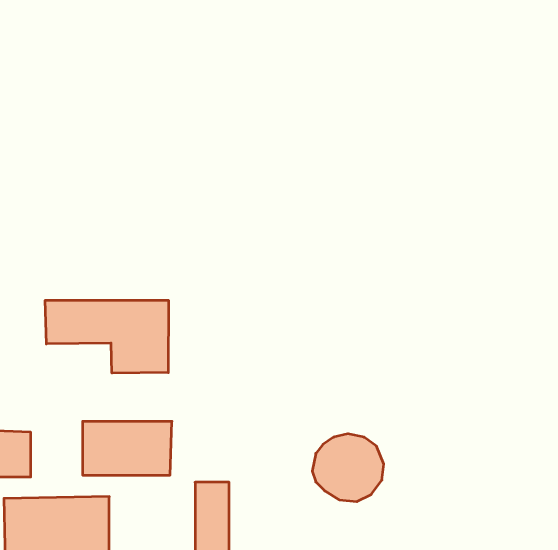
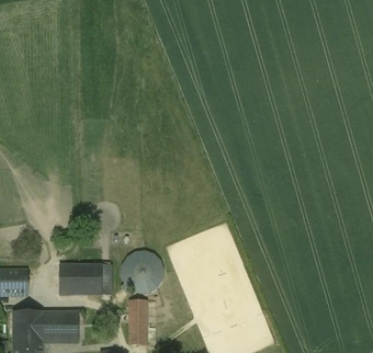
building: [45,300,168,373] -> none
building: [312,434,384,502] -> [121,252,165,294]

